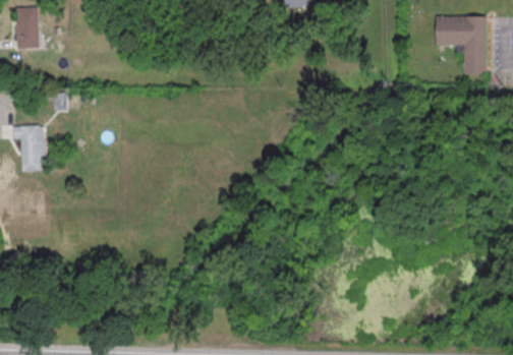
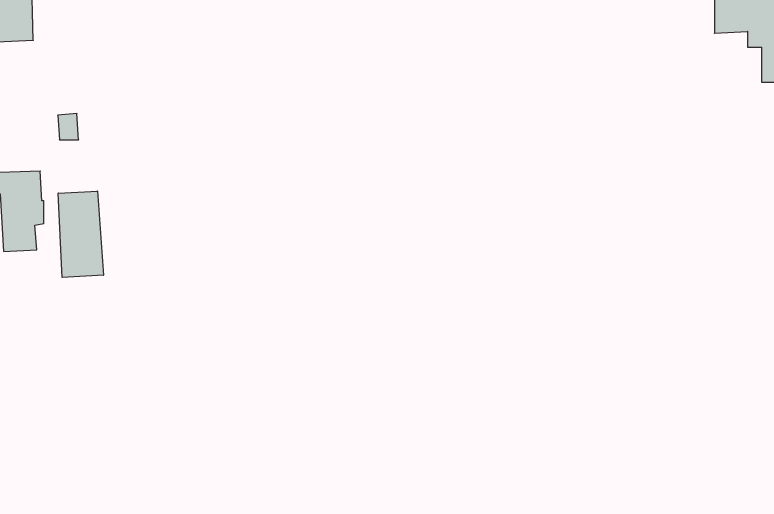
building: none -> [58,191,103,277]

